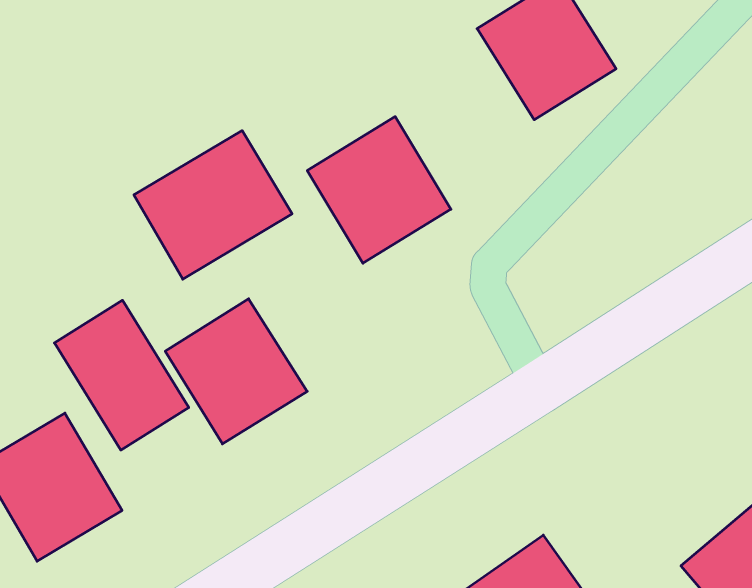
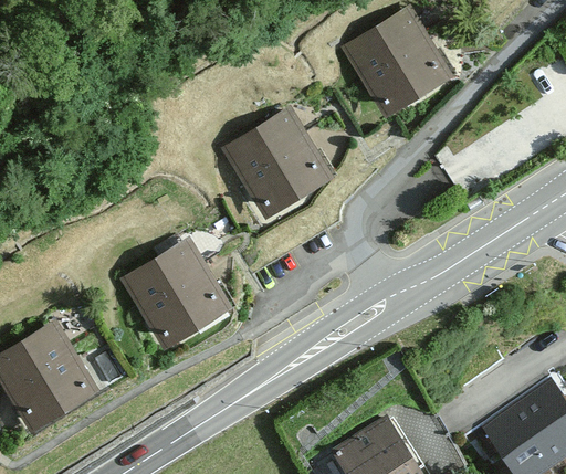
building: [134,131,292,279] -> none
building: [54,300,189,450] -> none

